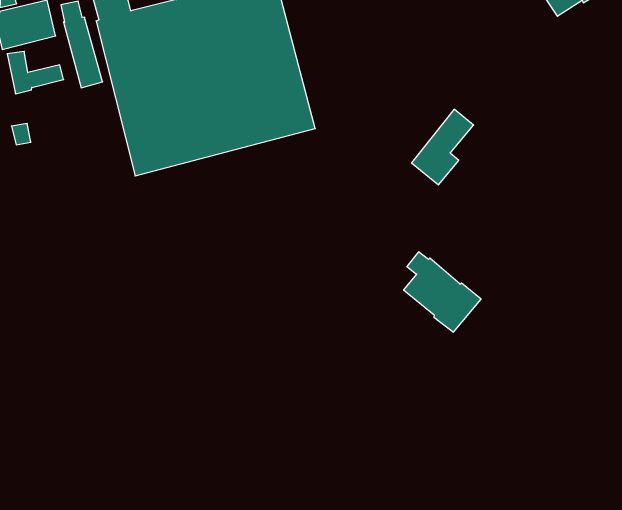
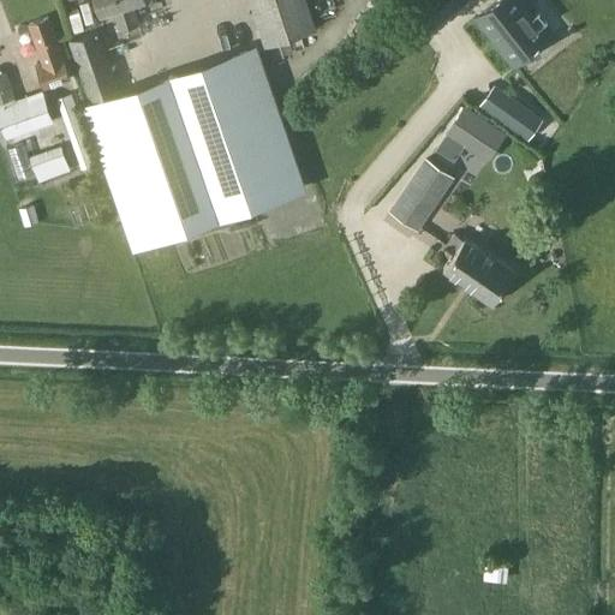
building: none -> [480,86,544,143]
building: none -> [435,108,506,165]
building: [404,252,481,332] -> [446,237,518,308]

